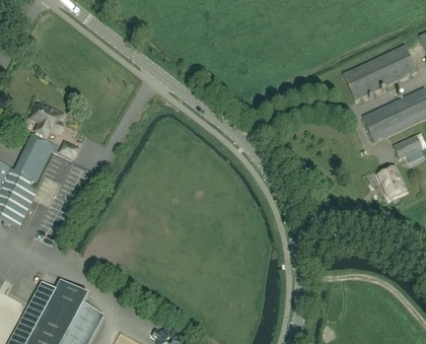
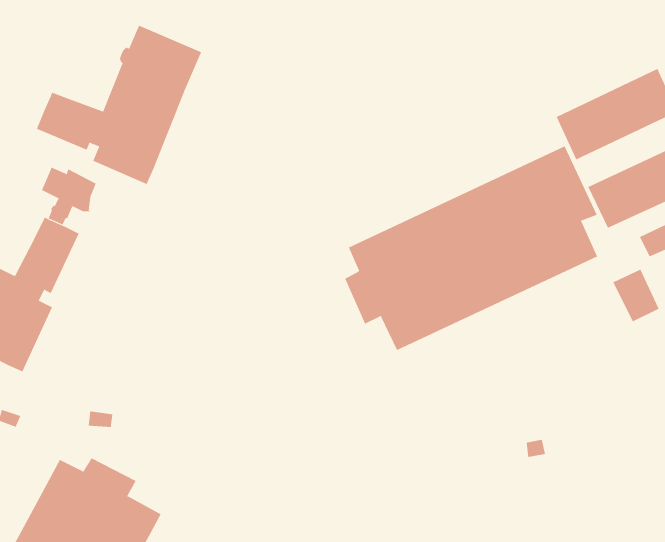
building: none -> [36,25,202,185]
building: none -> [344,145,598,351]

